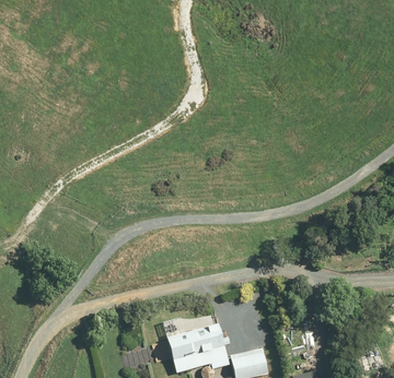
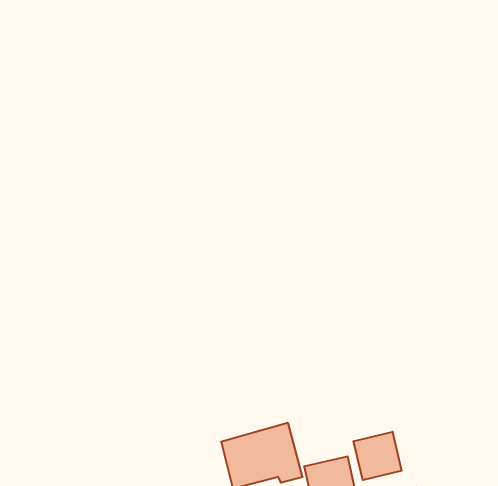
building: none -> [354,432,402,480]

